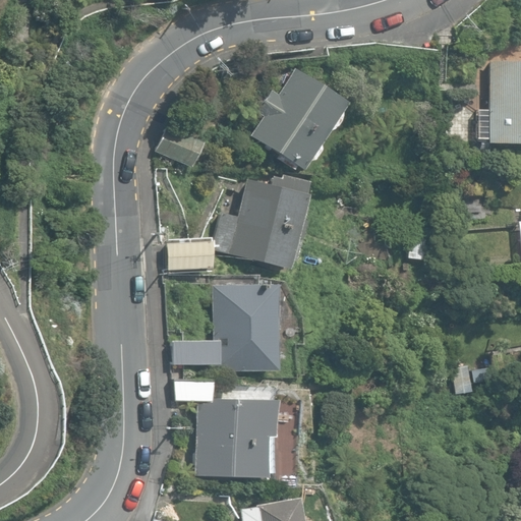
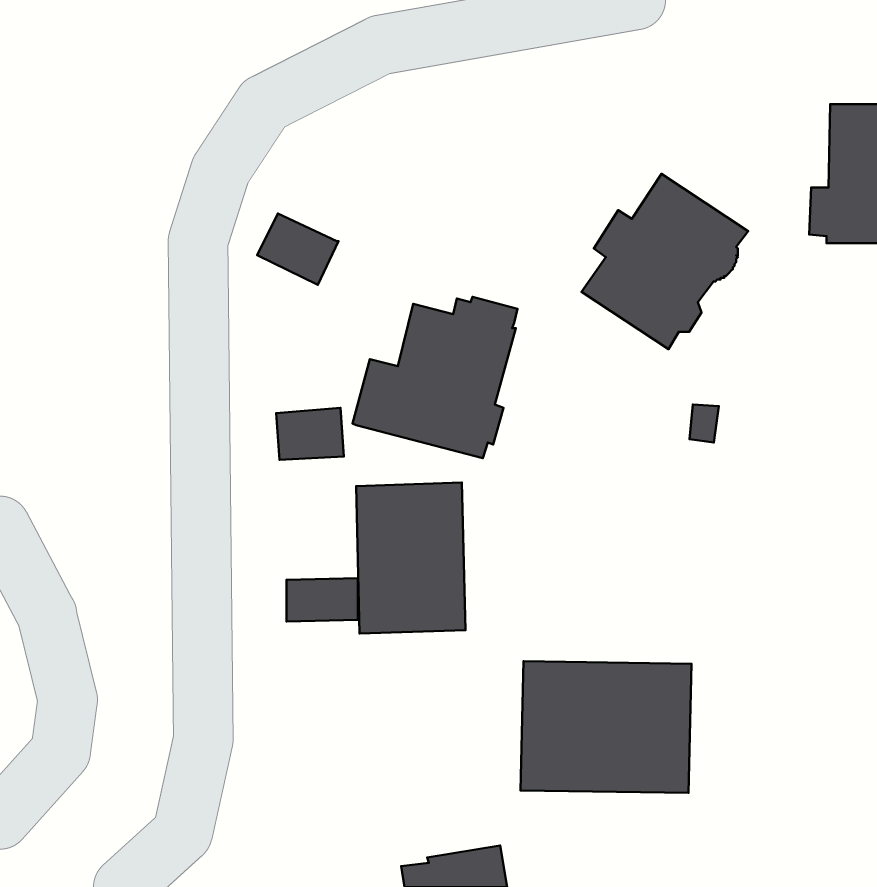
building: [251,67,349,170] -> [582,174,748,349]
building: [176,380,276,476] -> none
building: none -> [521,661,691,793]

